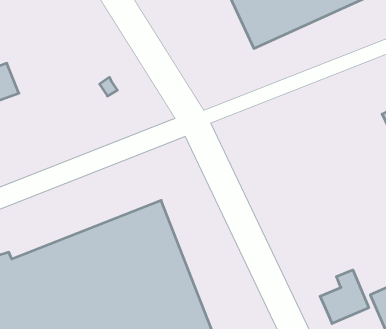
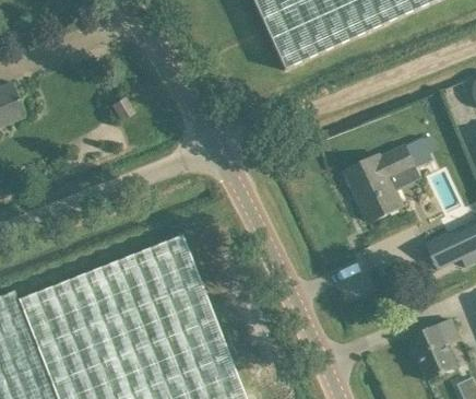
building: none -> [346,145,416,221]
building: [320,270,369,324] -> none

